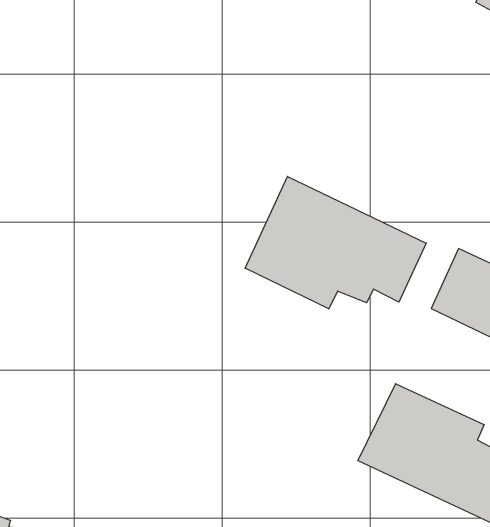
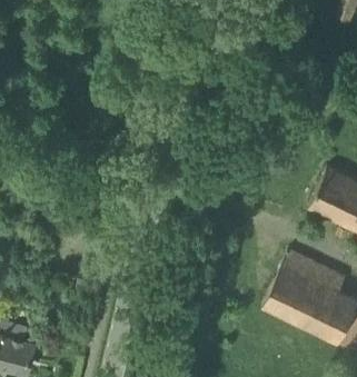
building: [245,176,426,309] -> none

